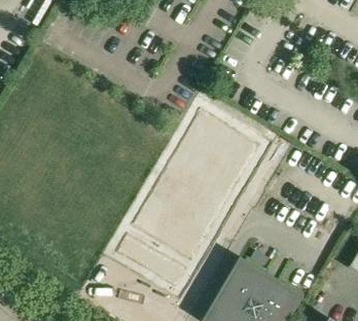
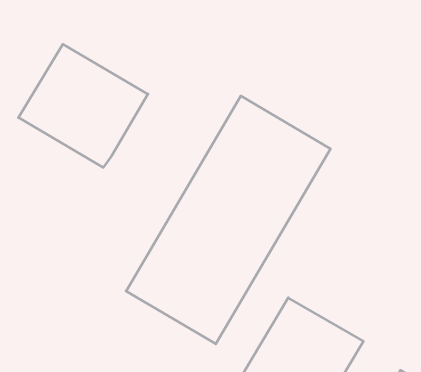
building: none -> [18,44,148,167]

